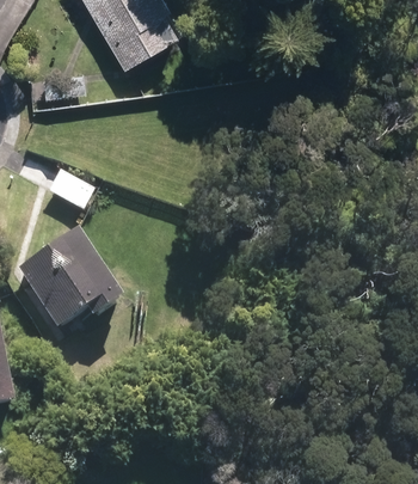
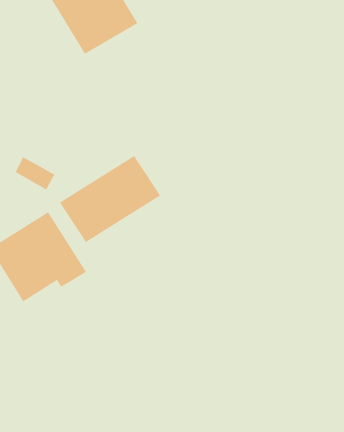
building: none -> [59,155,161,243]

